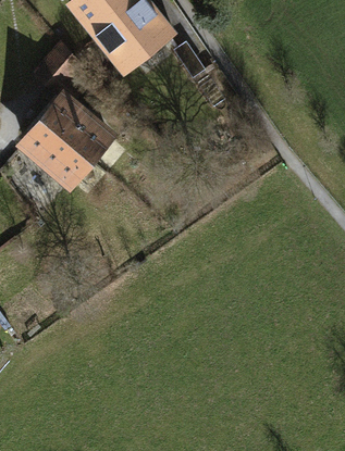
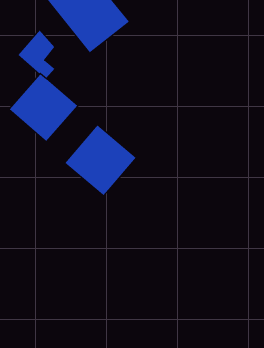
building: none -> [65,125,137,196]

